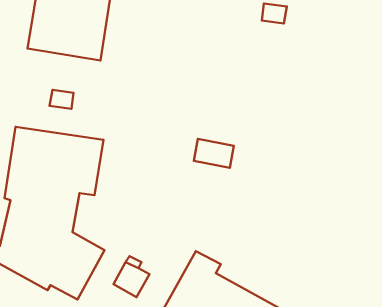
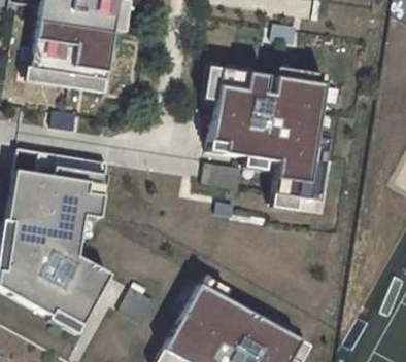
building: none -> [209,69,329,202]

